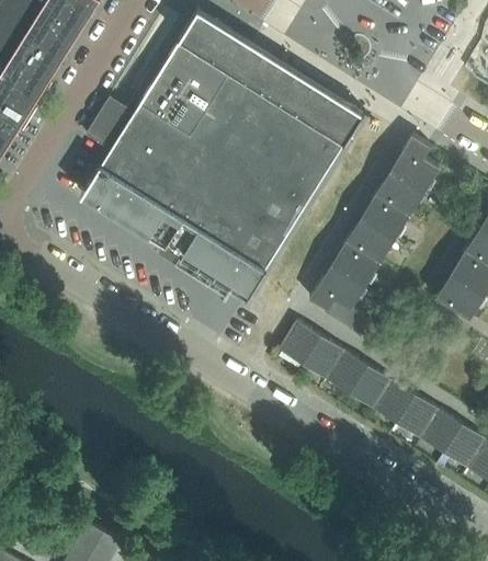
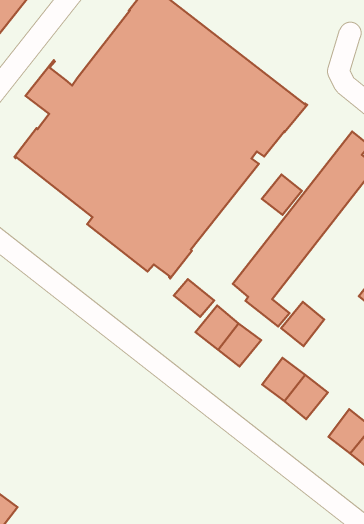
building: none -> [262,175,302,215]
building: none -> [174,279,214,317]
building: [326,351,367,394] -> [281,302,324,346]
building: [397,396,439,439] -> none

